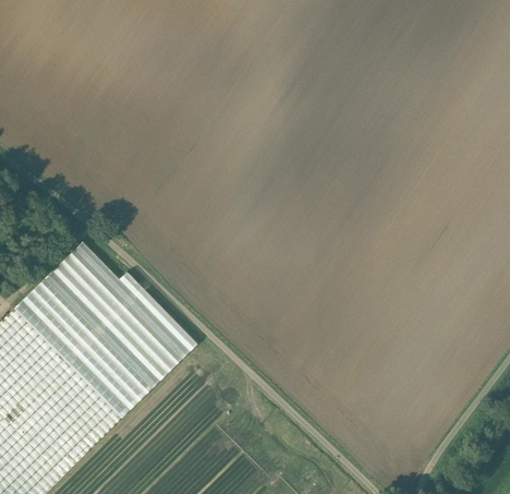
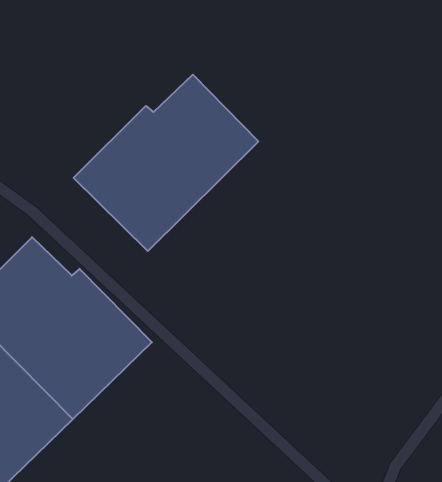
building: none -> [74,75,258,251]

